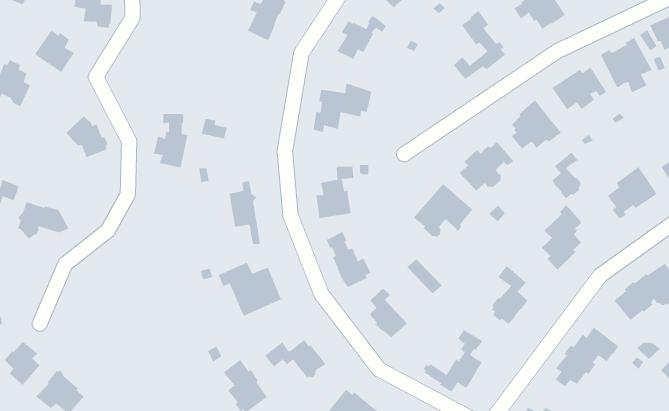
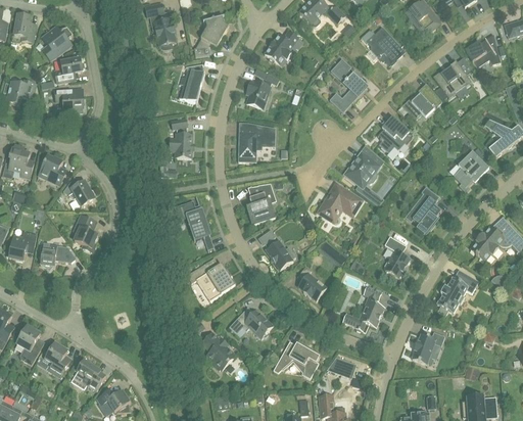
building: [34,29,75,73] -> [38,154,66,184]
building: [153,113,188,168] -> [169,119,191,157]
building: [551,152,582,199] -> none
building: none -> [73,214,96,250]

